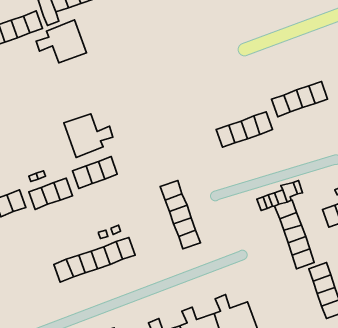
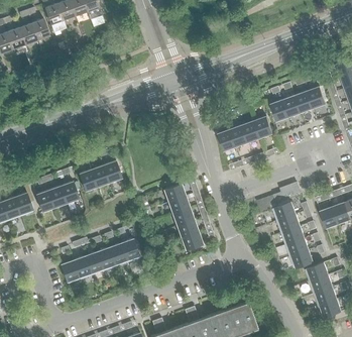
building: [36,20,87,63] -> none
building: [64,114,113,158] -> none

